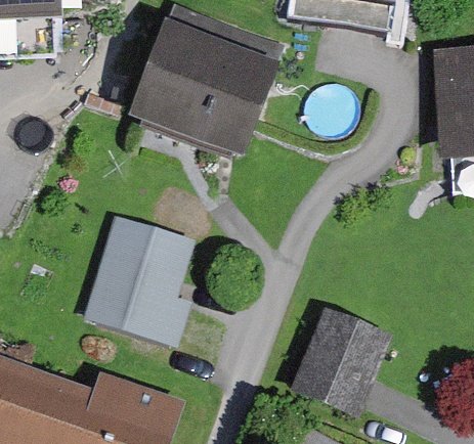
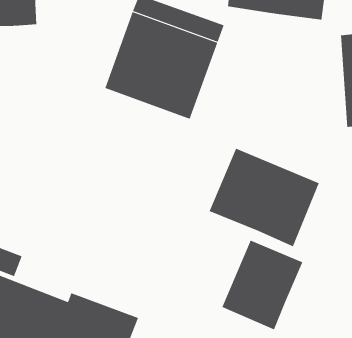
building: none -> [209,148,320,247]
building: [88,213,205,345] -> none

